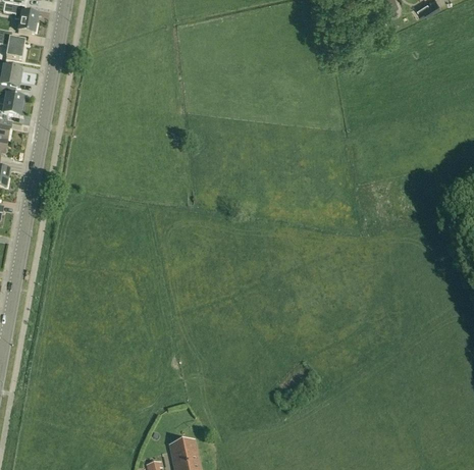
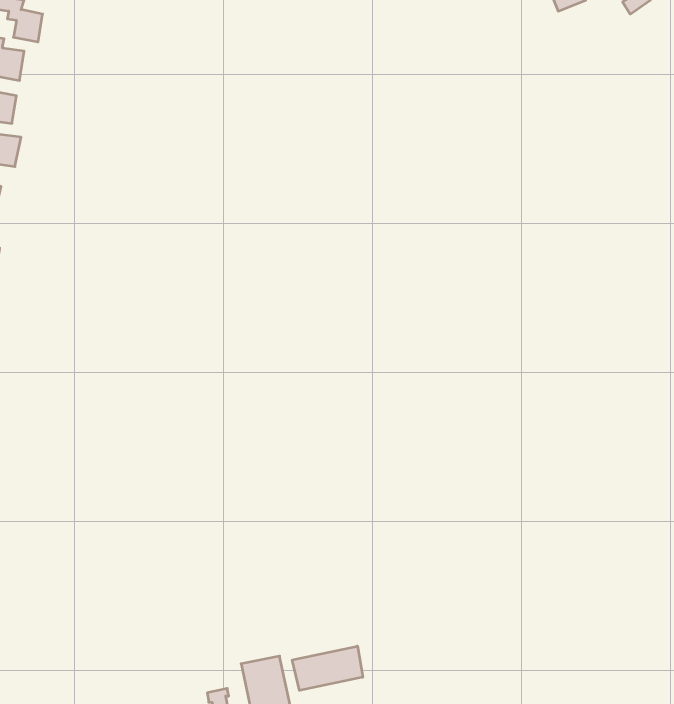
building: none -> [292,646,363,690]

